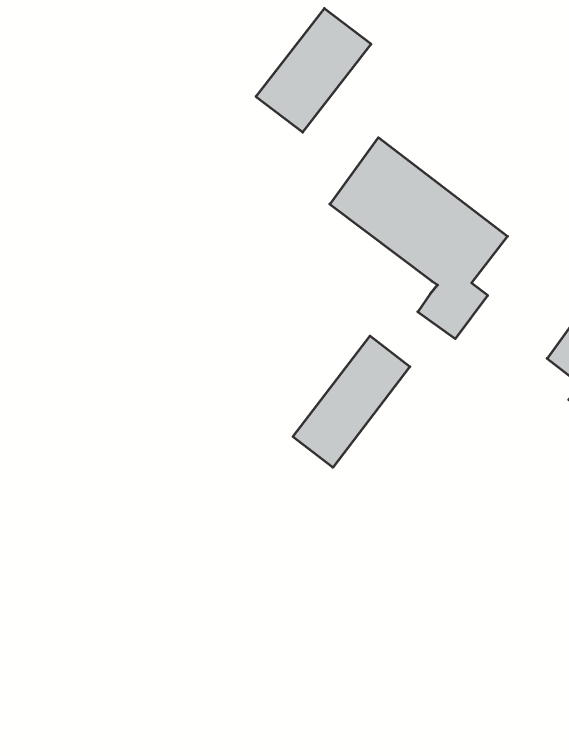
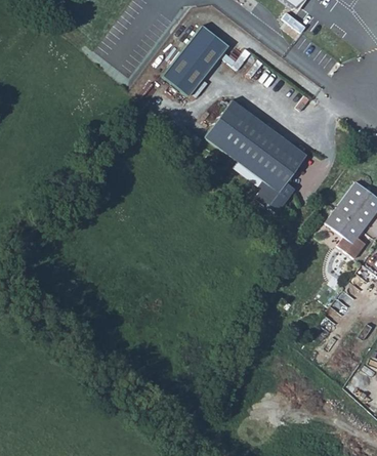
building: [293,336,410,467] -> none

